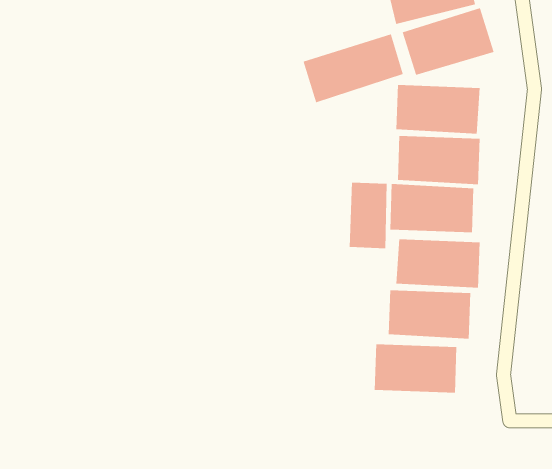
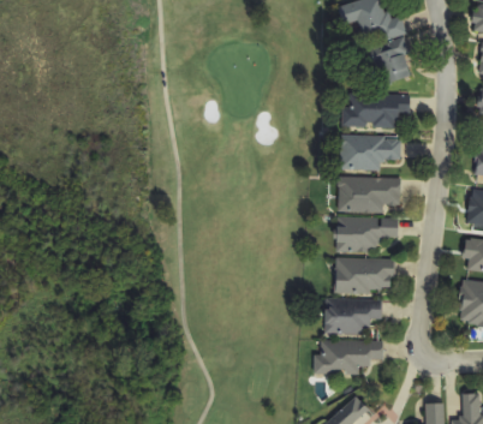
building: [303,34,404,103] -> none
building: [349,182,387,249] -> none
building: none -> [316,339,381,377]

